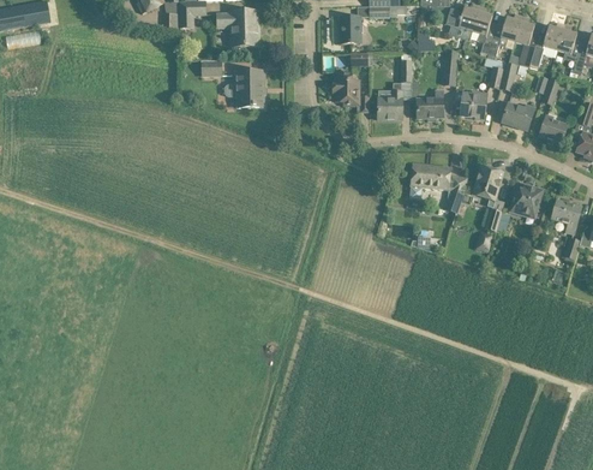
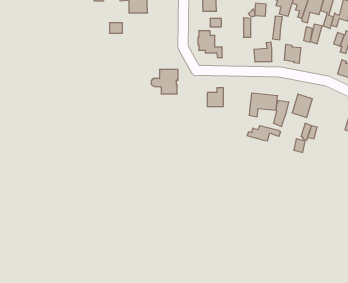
building: [224,70,264,106] -> [151,70,178,94]
building: [378,90,402,118] -> [207,88,223,106]
building: [502,102,535,130] -> none
building: [510,184,543,216] -> none
building: none -> [247,126,280,141]

